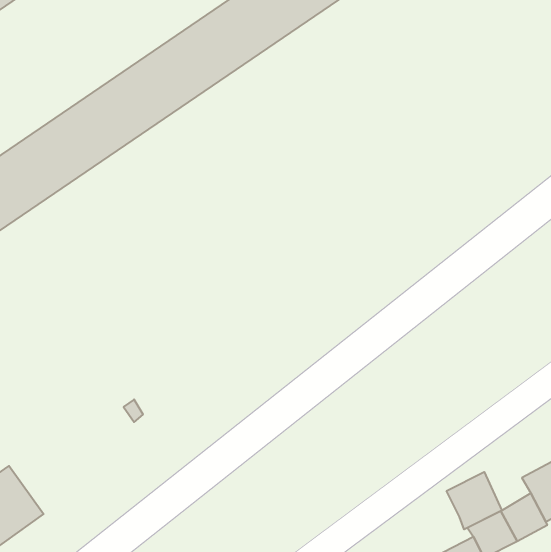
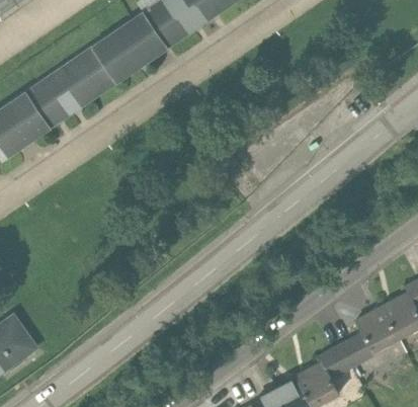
building: [447,472,502,529] -> none

